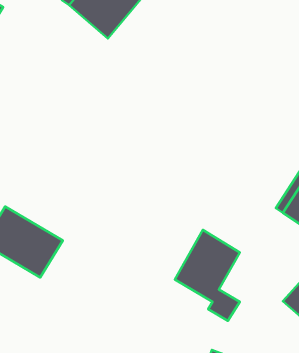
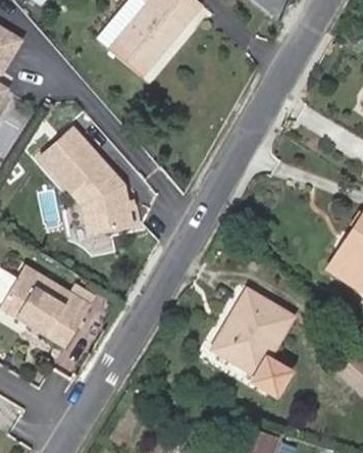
building: none -> [43,131,133,235]

